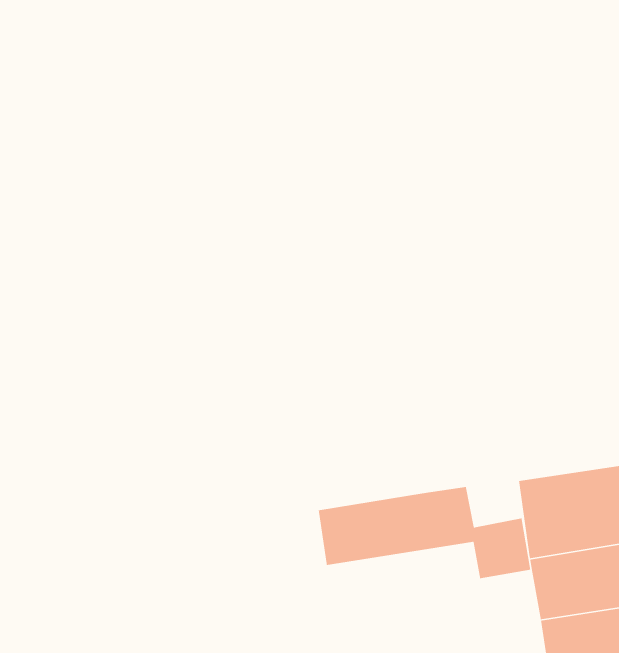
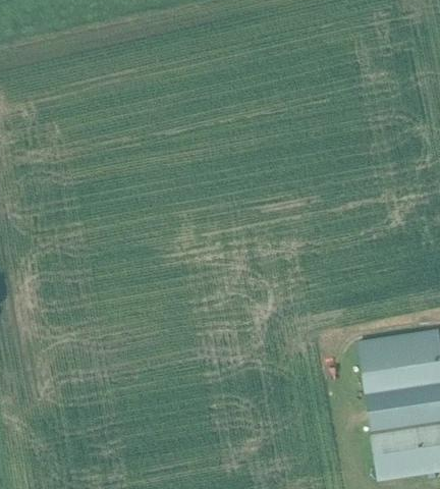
building: [318,486,531,579] -> none

